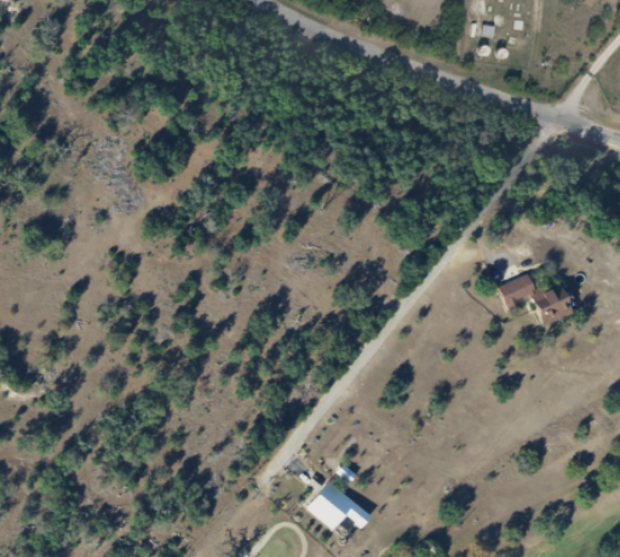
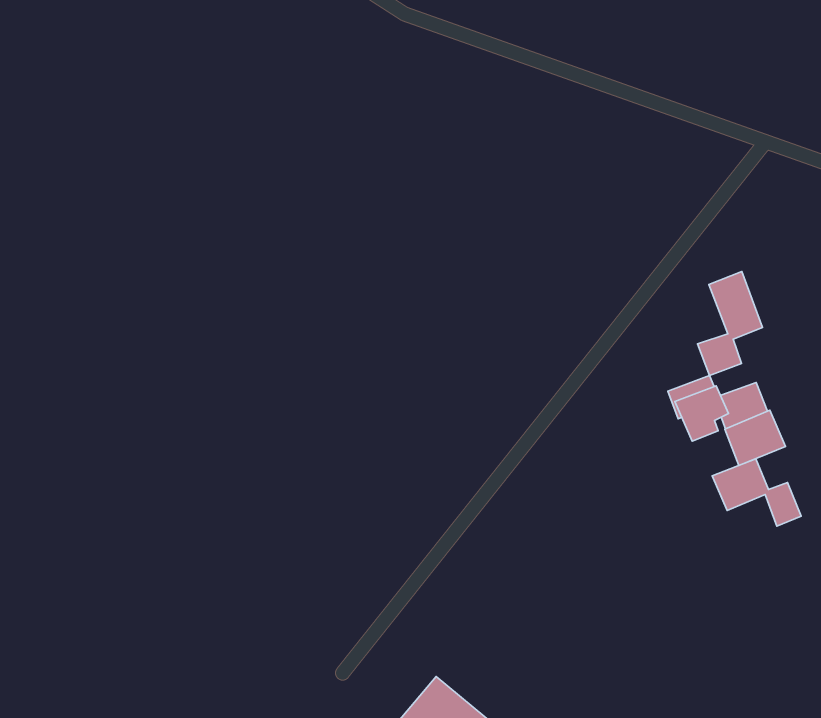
building: none -> [697,271,762,375]
building: none -> [712,459,801,526]

